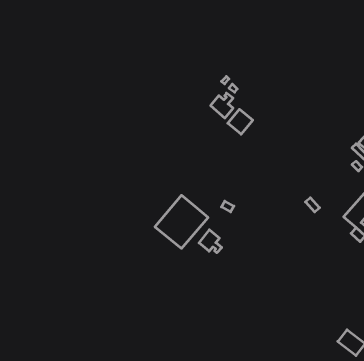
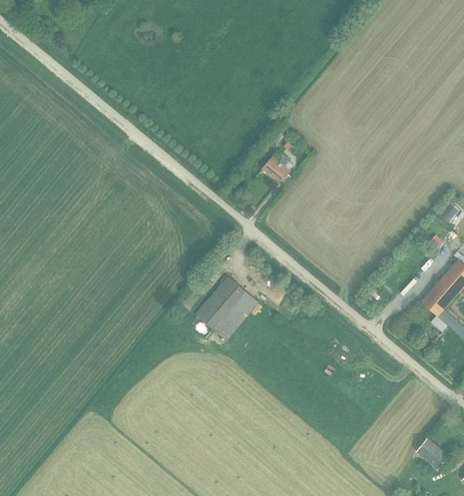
building: [228,109,253,134] -> none
building: [199,230,222,253] -> none

